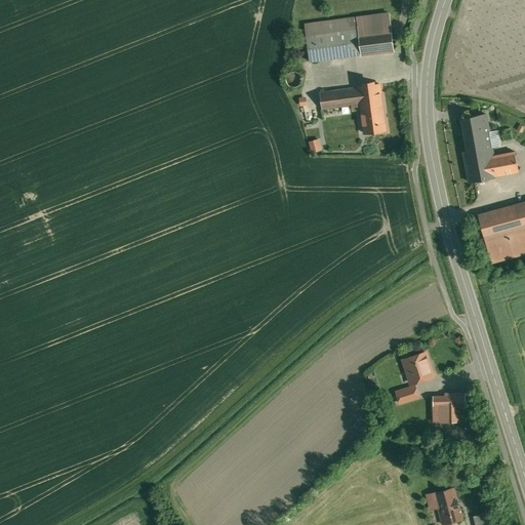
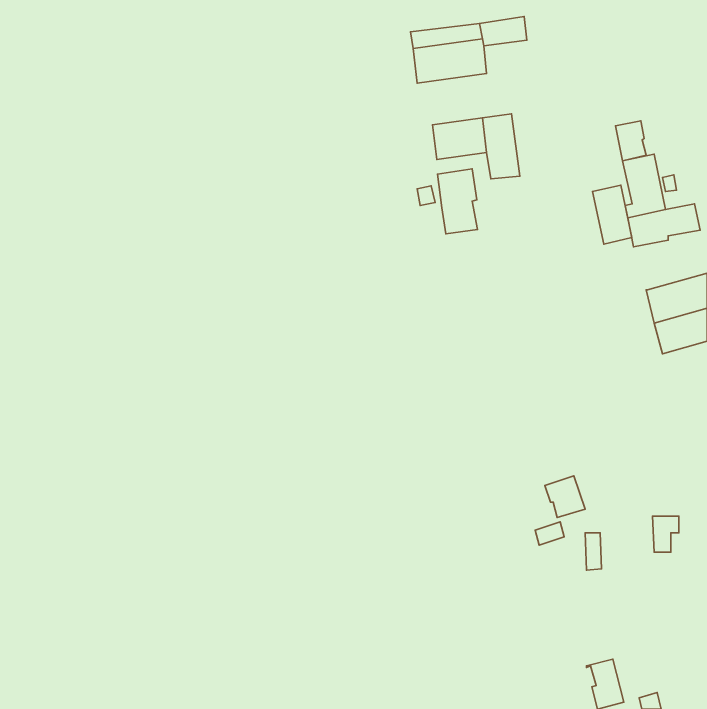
building: [358,30,393,54] -> none
building: none -> [616,121,646,161]
building: none -> [437,169,478,234]
building: none -> [593,185,632,244]
building: [444,394,463,420] -> [653,516,679,552]

